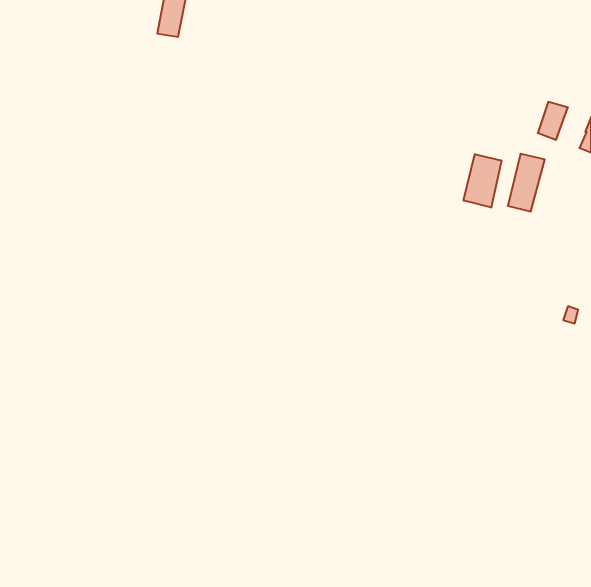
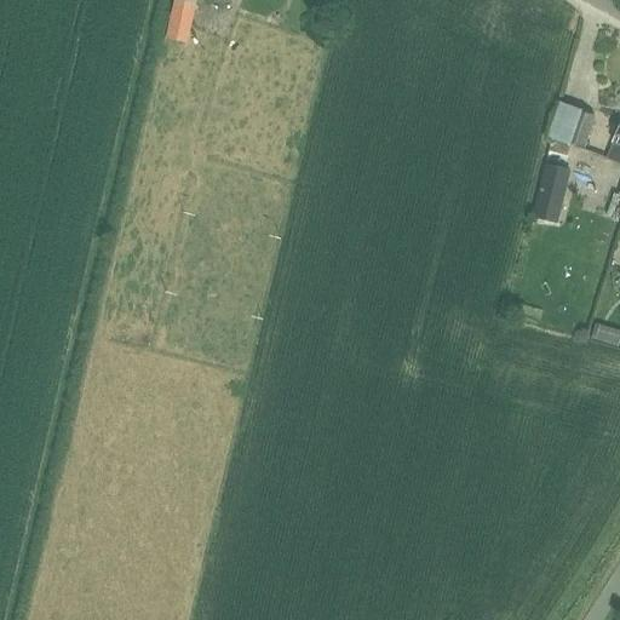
building: [464,154,501,208] -> none

